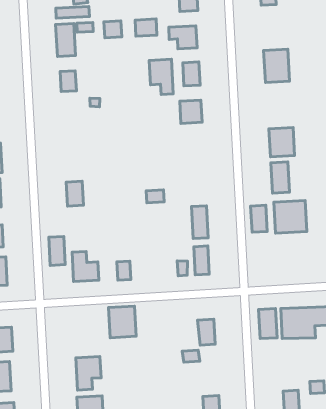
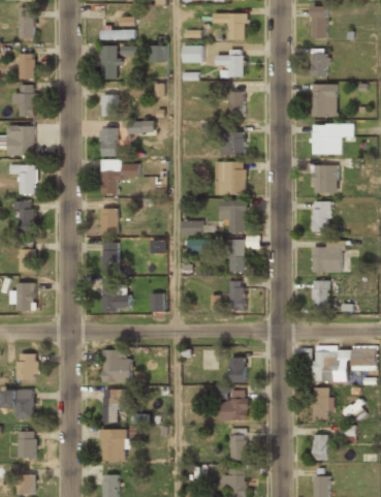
building: none -> [312,51,329,75]
building: [149,59,173,94] -> none
building: none -> [312,124,353,154]
building: none -> [100,127,117,156]
building: none -> [216,161,246,194]
building: none -> [100,163,138,194]
building: none -> [220,200,246,234]
building: [251,205,267,232] -> [313,280,328,307]
building: [49,237,65,265] -> [103,241,119,270]
building: [108,306,136,338] -> [103,350,130,381]
building: [258,309,277,339] -> [314,389,331,418]
building: none -> [220,391,247,421]

